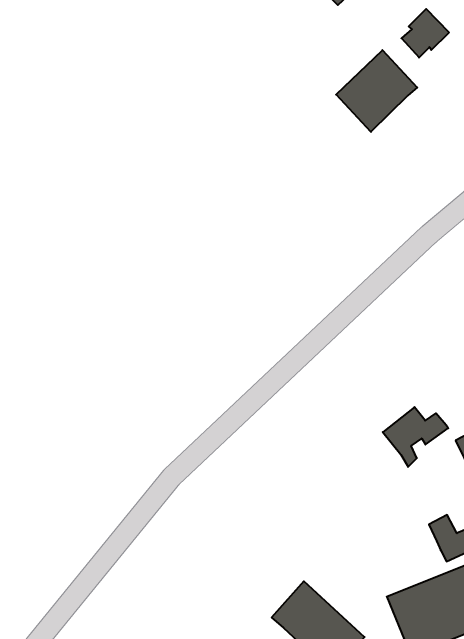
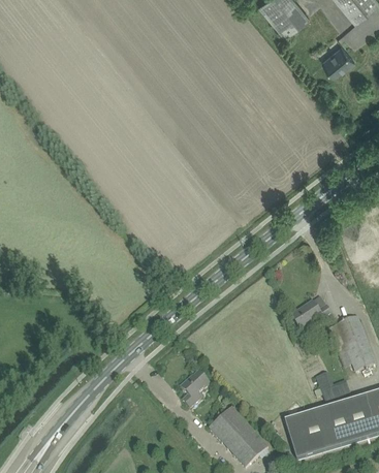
building: [336,50,417,132] -> none
building: none -> [180,368,210,404]

